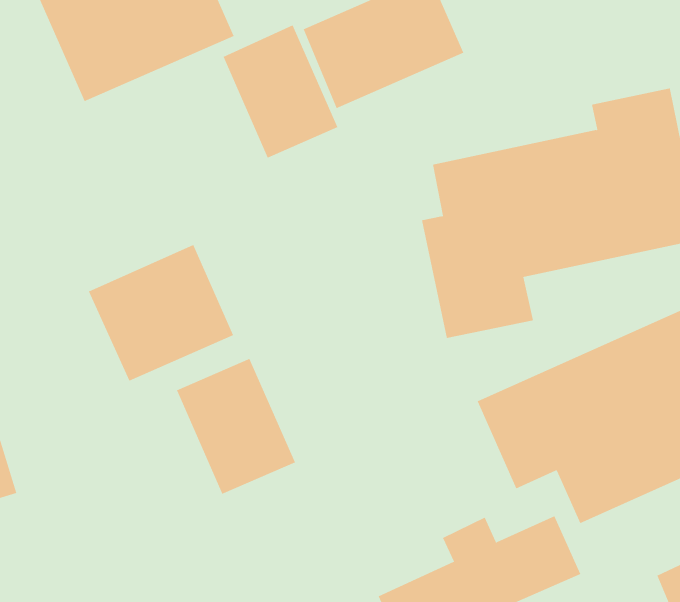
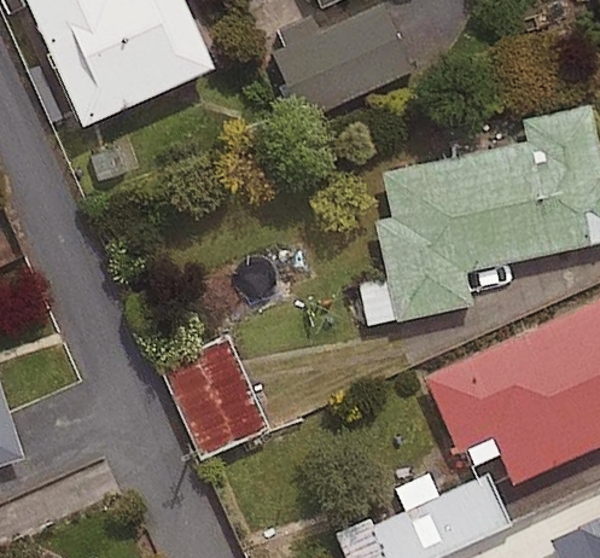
building: [223,25,338,159] -> none
building: [88,244,234,381] -> none

